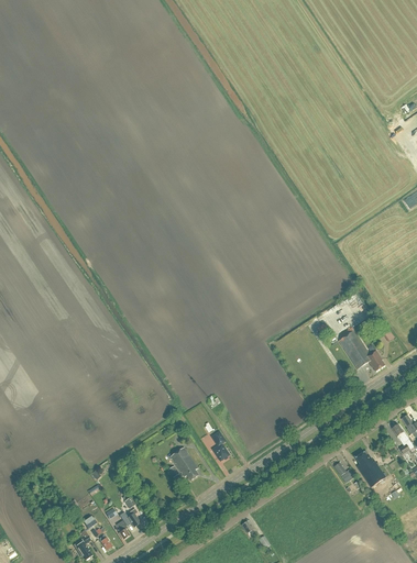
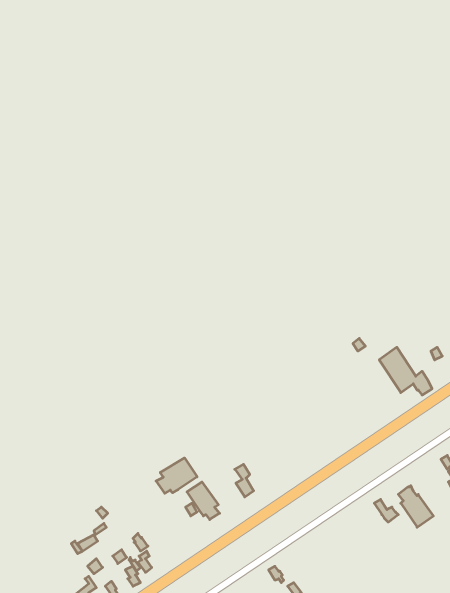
building: none -> [156,458,197,493]

